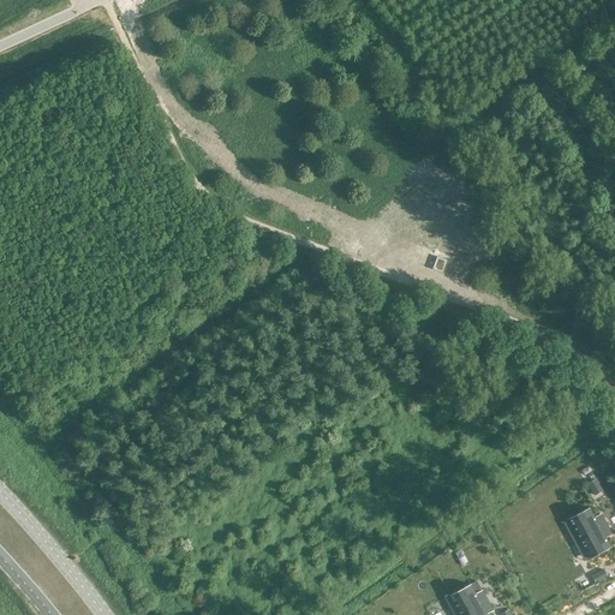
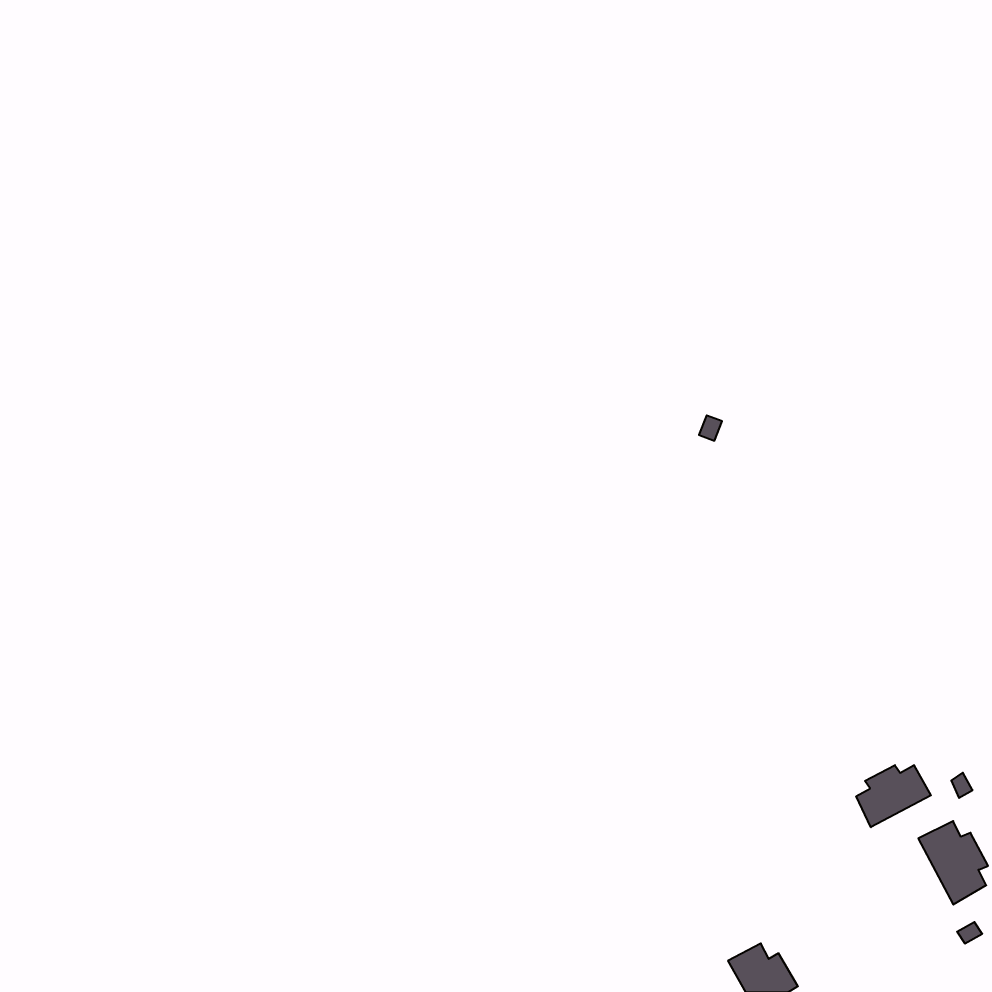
building: none -> [856,765,931,827]

